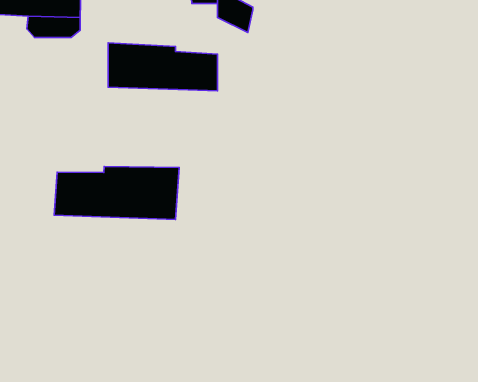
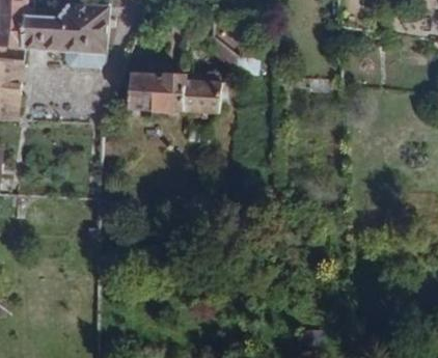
building: [54,167,179,219] -> none

